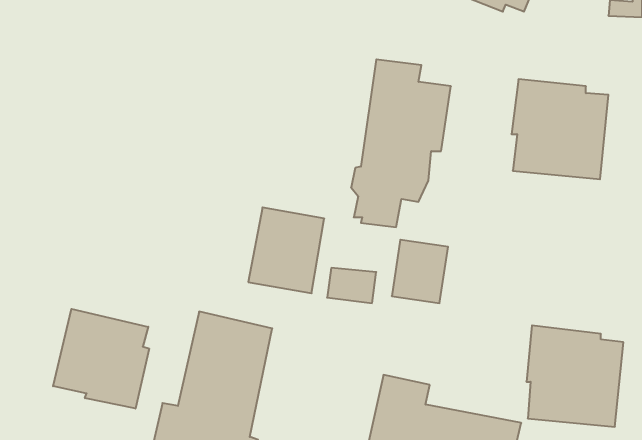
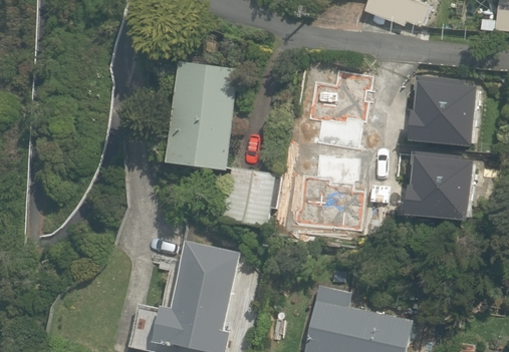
building: none -> [167,61,237,169]
building: [53,309,149,409] -> none
building: [526,325,623,427] -> [406,148,475,221]

